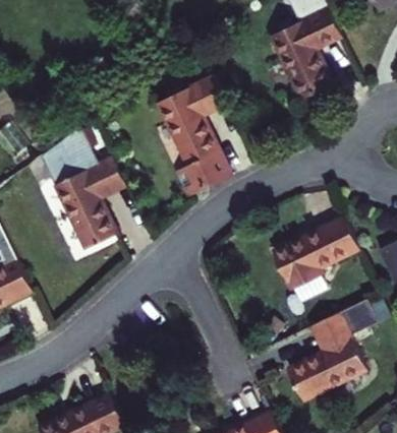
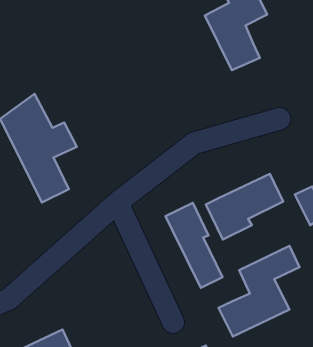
building: [158,75,232,197] -> none
building: none -> [166,203,223,288]

